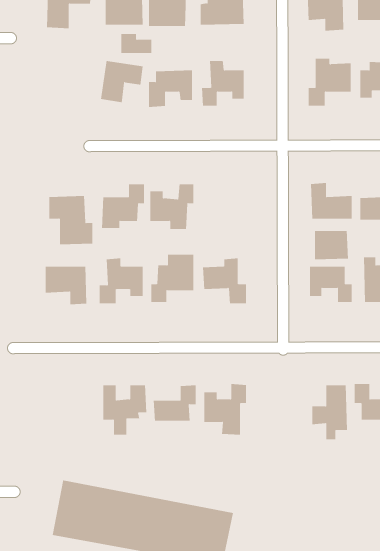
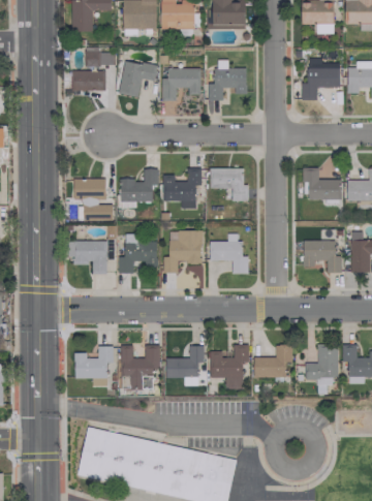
building: [120,33,152,53] -> [85,48,113,65]
building: none -> [72,70,105,91]
building: none -> [211,168,248,201]
building: [314,230,348,260] -> none
building: none -> [253,344,292,378]
building: none -> [74,346,114,386]

